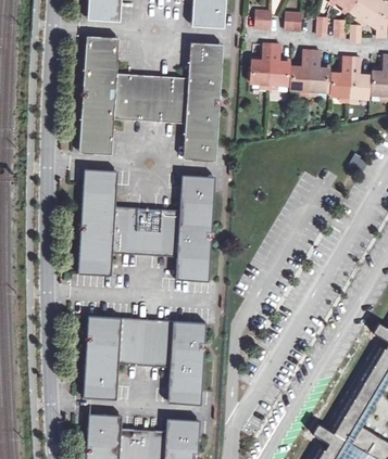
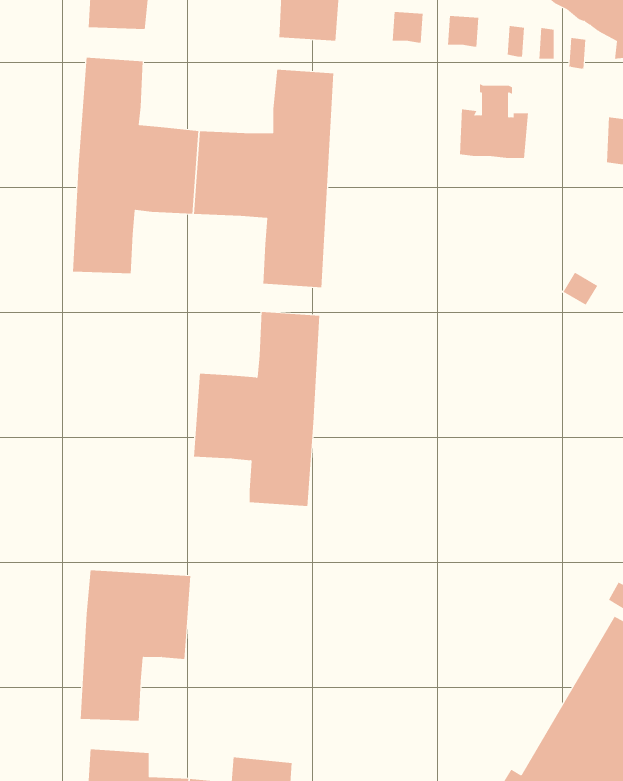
building: [251,43,289,91] -> none
building: [331,58,370,98] -> none
building: [78,169,149,276] -> none
building: [141,319,205,405] -> none

